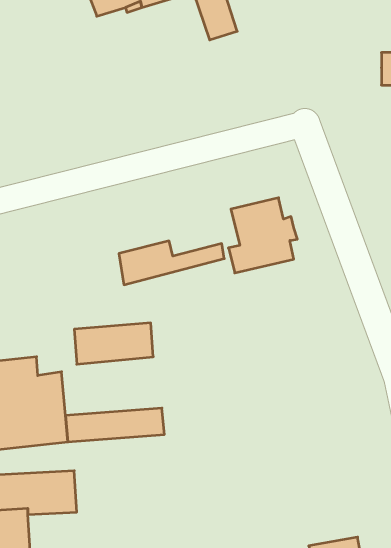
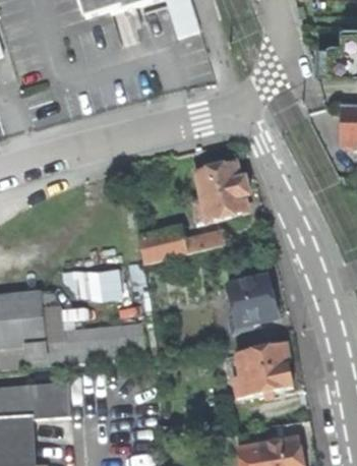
building: [119,241,224,285] -> [137,229,223,265]
building: none -> [226,263,277,334]
building: none -> [228,345,292,398]

